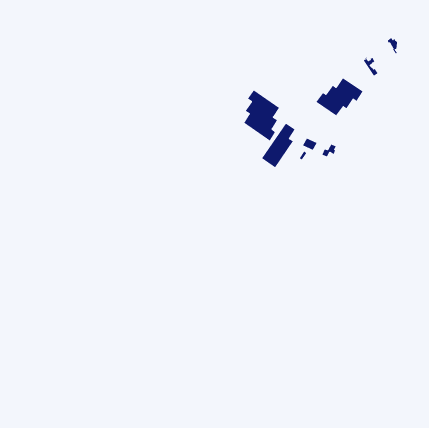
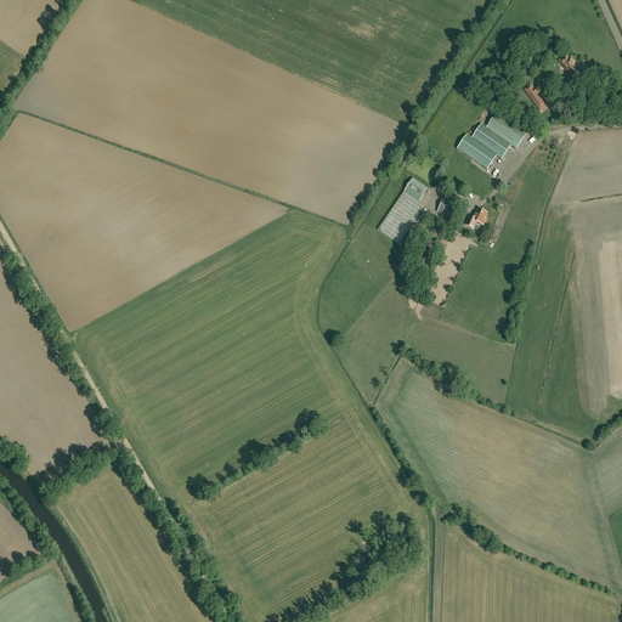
building: [244,89,280,141] -> none

